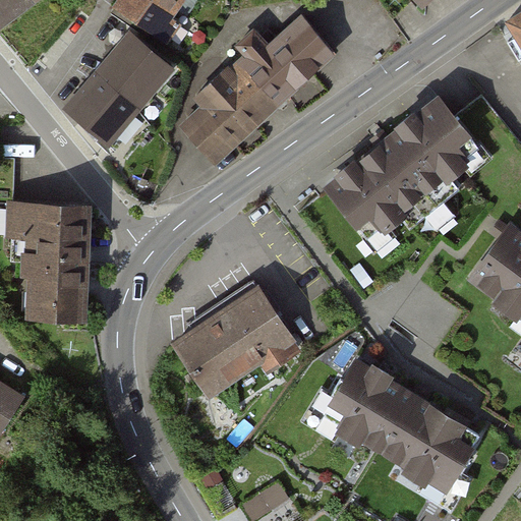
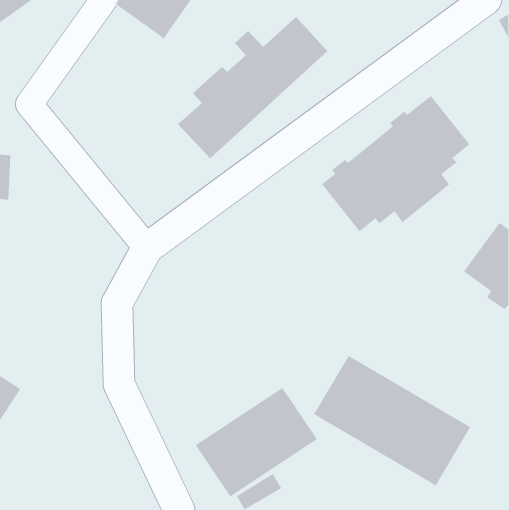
building: [67,35,170,142] -> none
building: [9,204,84,315] -> none
building: [166,291,291,403] -> [195,387,318,497]

